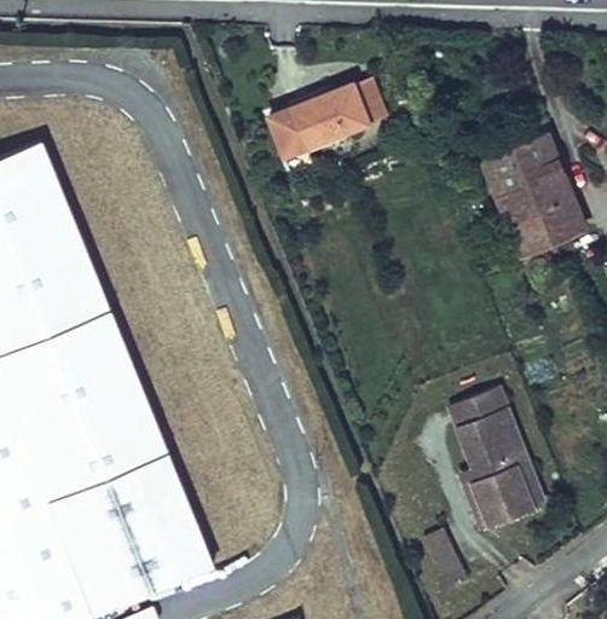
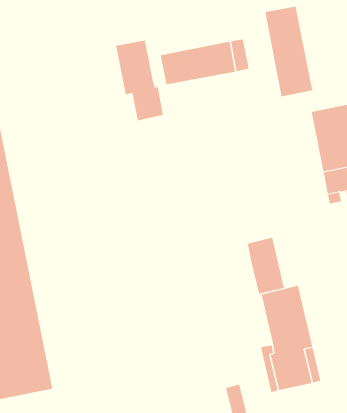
building: none -> [265,6,313,97]
building: none -> [116,40,163,121]
building: none -> [247,237,285,294]

